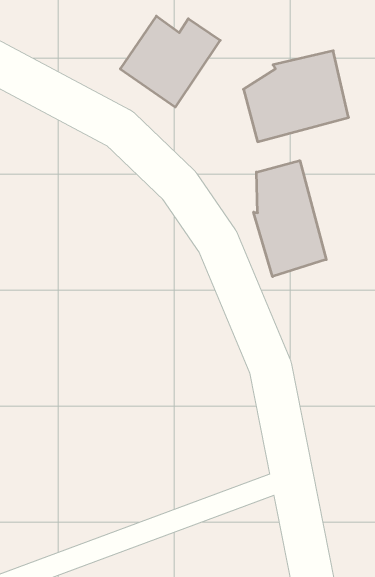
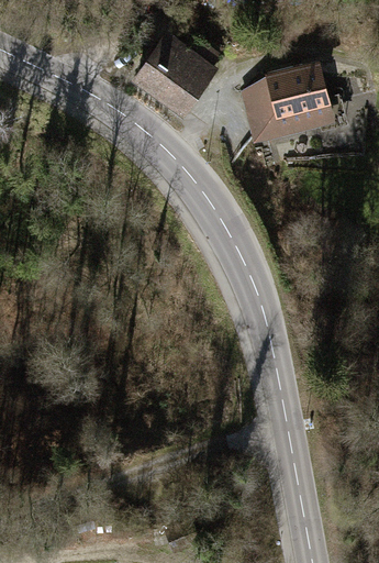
building: [254,161,326,277] -> none

